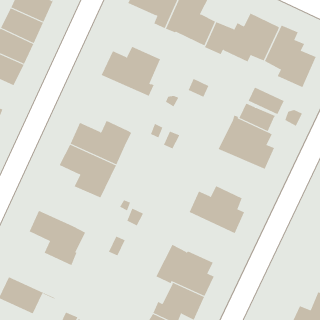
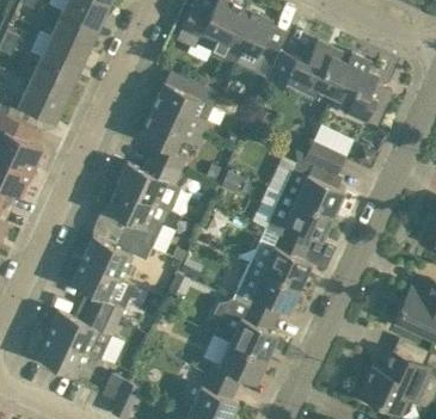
building: none -> [139,110,204,172]
building: none -> [265,192,333,247]
building: none -> [81,234,152,278]
building: none -> [231,263,300,319]
building: none -> [48,308,118,358]

